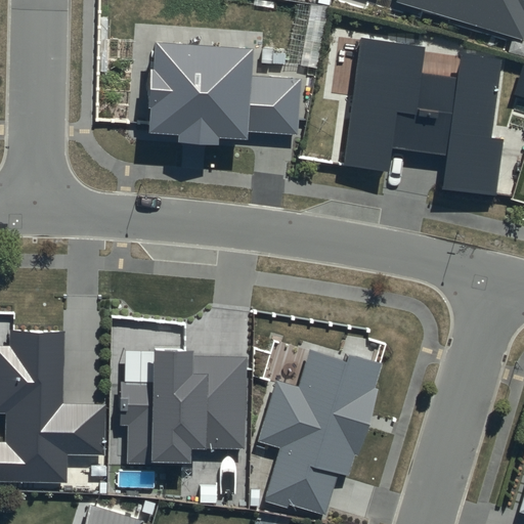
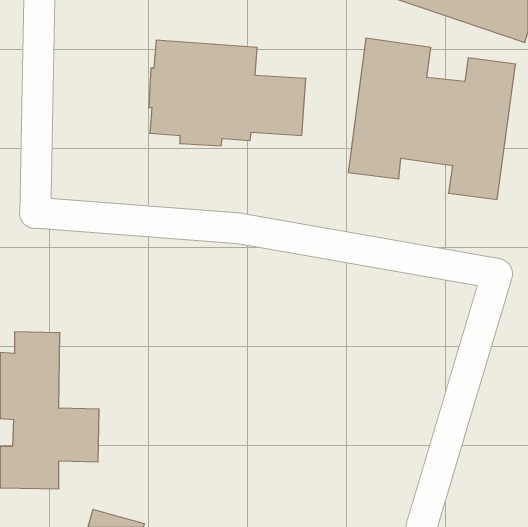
building: [256,341,378,516] -> none
building: [126,346,246,465] -> none

